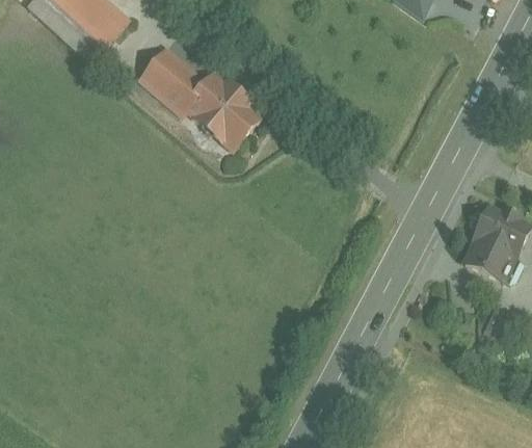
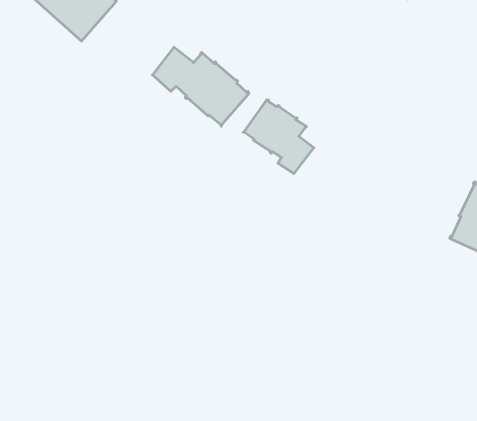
building: [141,49,185,95] -> none
building: none -> [243,100,314,174]

